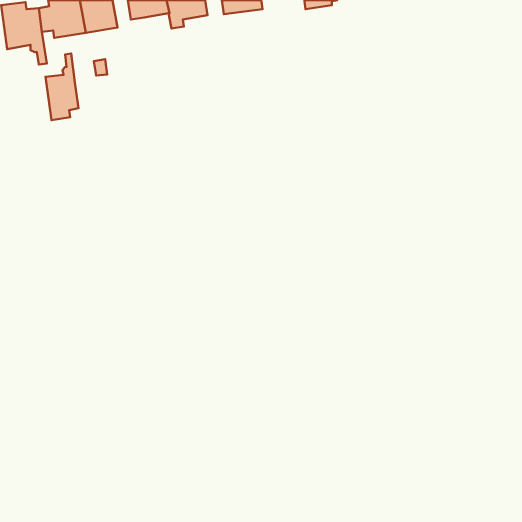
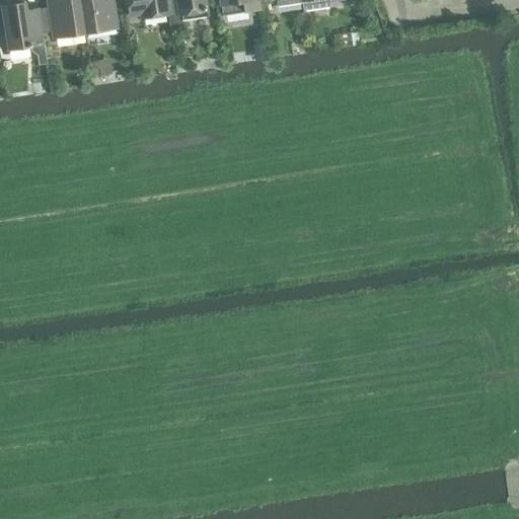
building: [45,53,79,120] -> none

